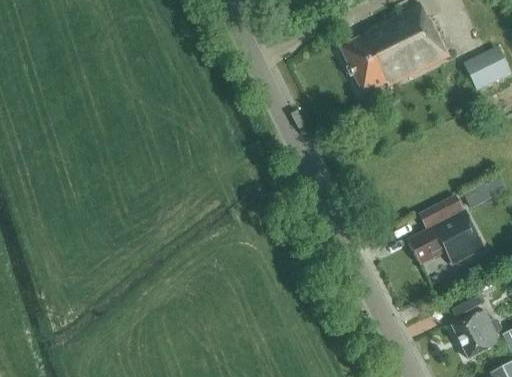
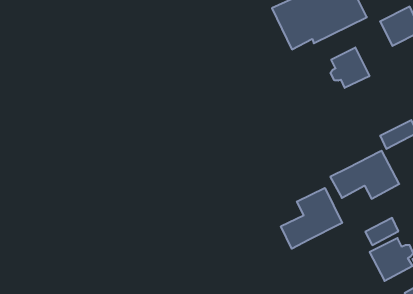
building: none -> [330,47,369,88]
building: [418,194,464,230] -> none
building: none -> [281,188,342,249]

